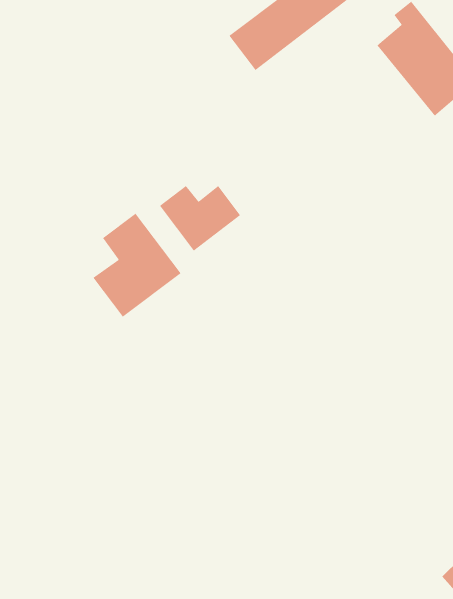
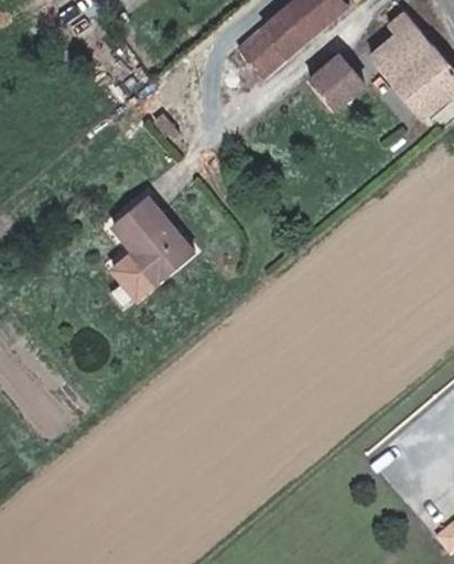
building: none -> [307,53,363,108]
building: [159,185,241,251] -> none

